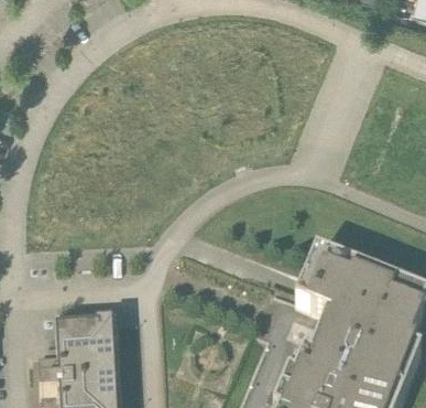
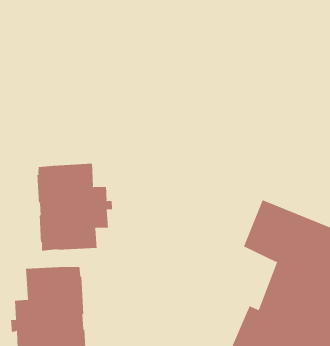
building: none -> [37,163,112,251]

